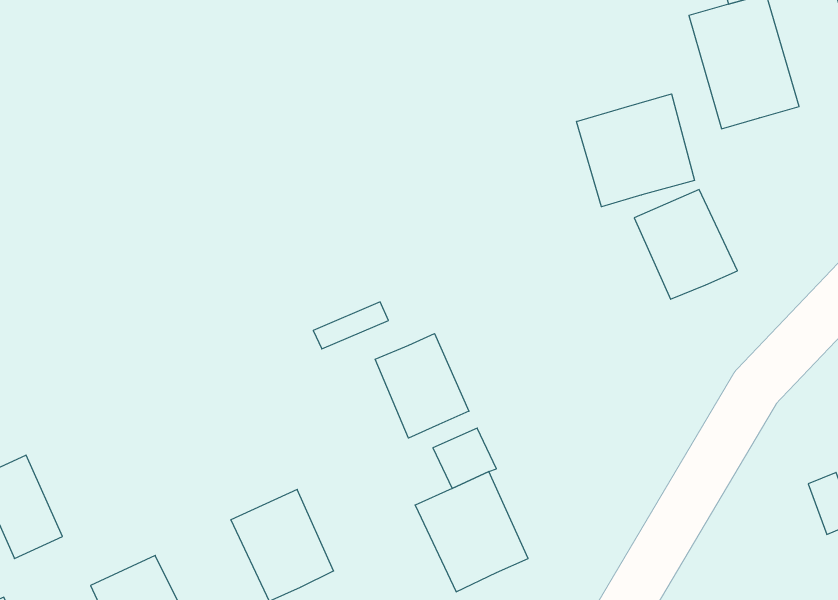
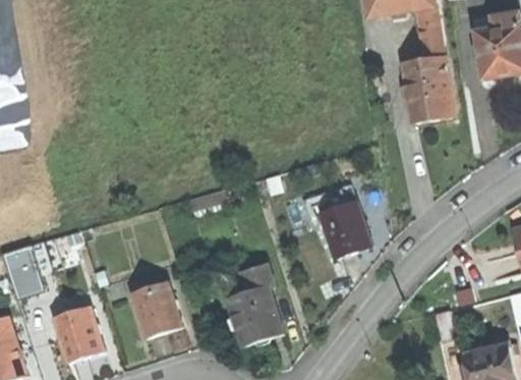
building: [577,94,694,207] -> none
building: [634,190,737,299] -> [317,202,367,257]
building: [375,334,469,438] -> none

